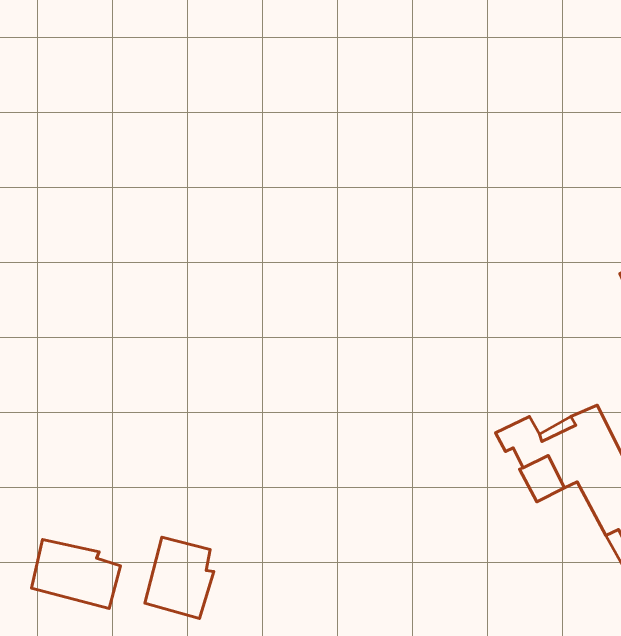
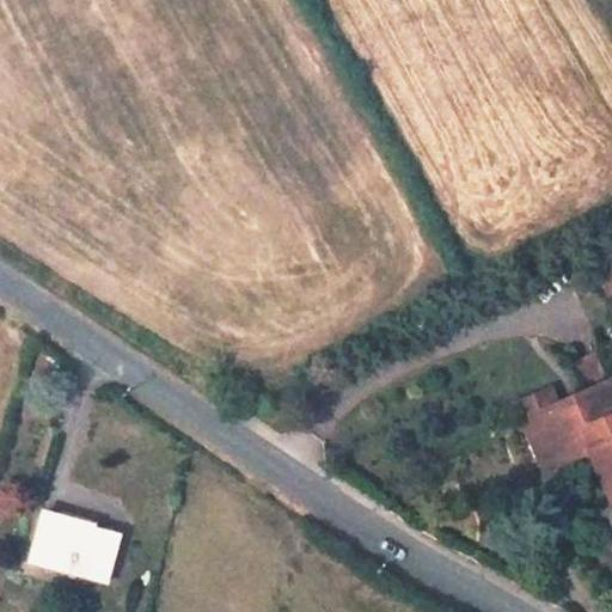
building: [145,537,214,619] -> none

